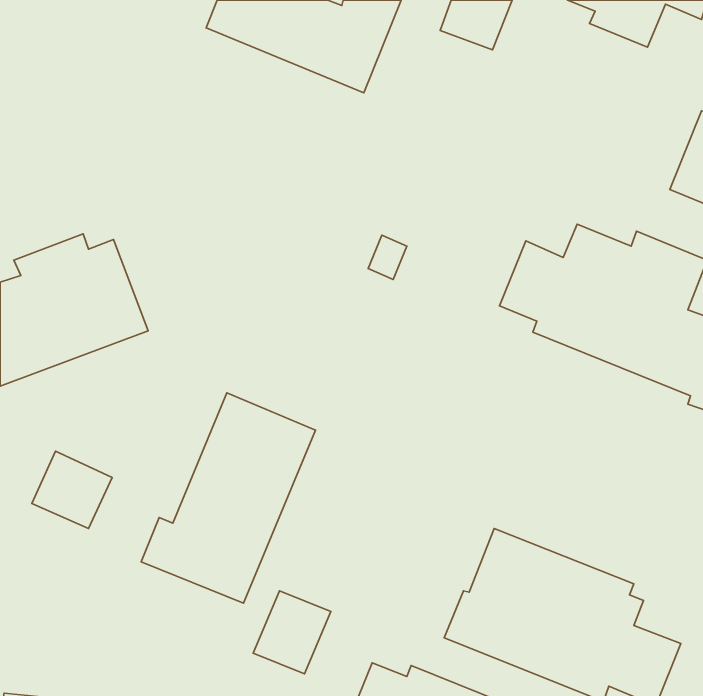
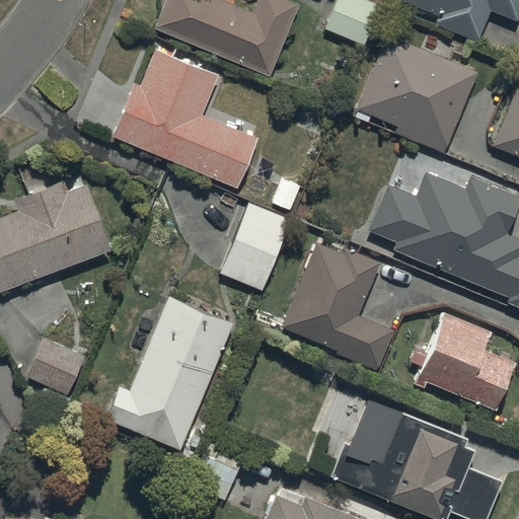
building: none -> [357,35,478,155]
building: none -> [112,49,257,189]
building: none -> [220,204,290,291]
building: none -> [282,243,394,372]
building: none -> [417,312,514,410]

